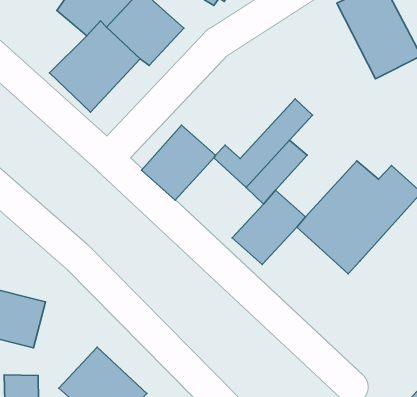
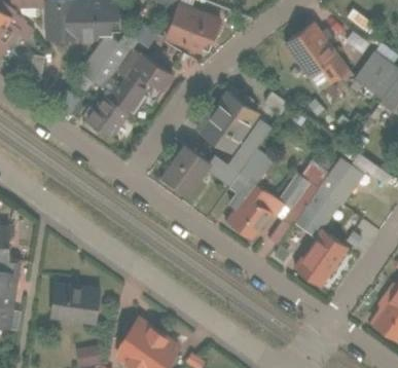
building: none -> [195,88,259,154]
building: none -> [297,227,354,288]

